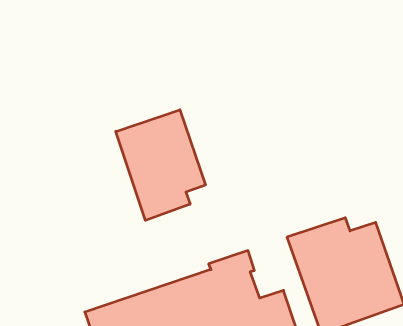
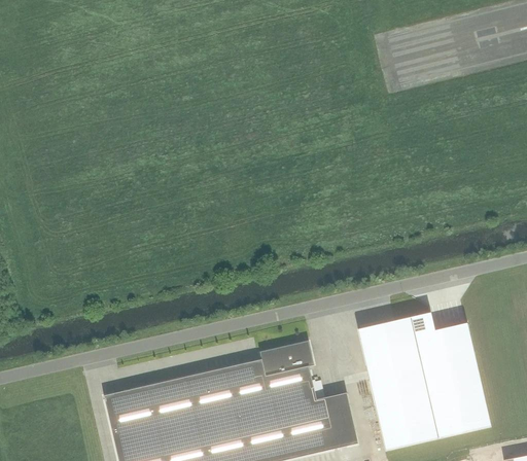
building: [116,110,205,220] -> none

